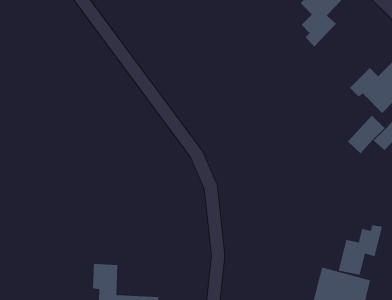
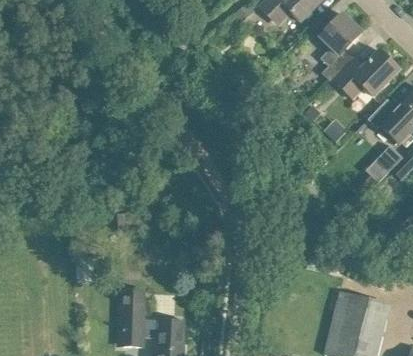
building: none -> [334,49,400,98]
building: [338,225,383,276] -> none

